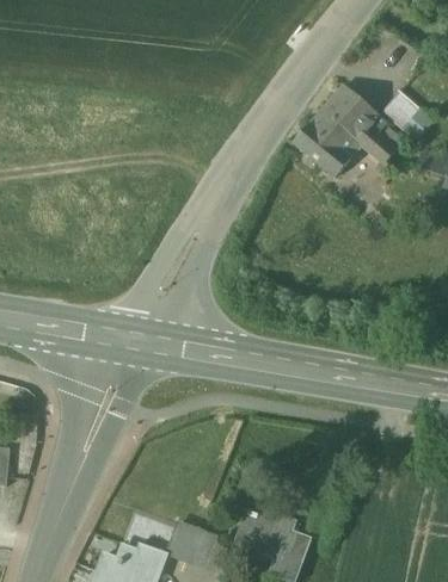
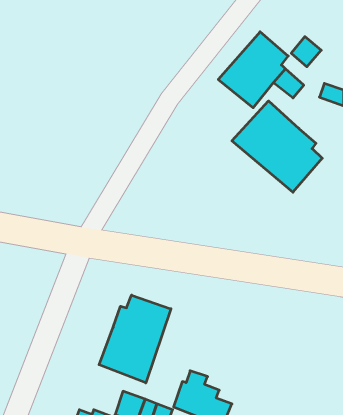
building: none -> [232,101,322,192]
building: none -> [99,295,171,383]

